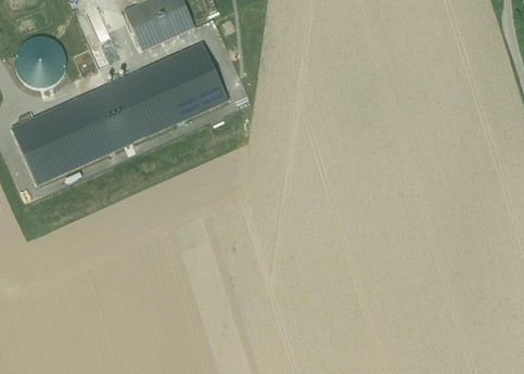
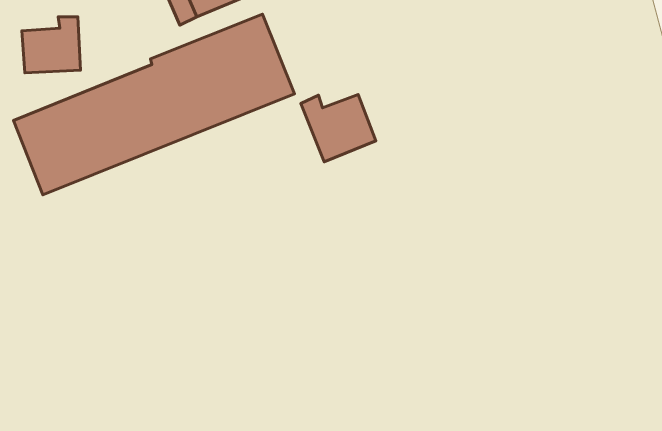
building: none -> [301,95,376,162]

